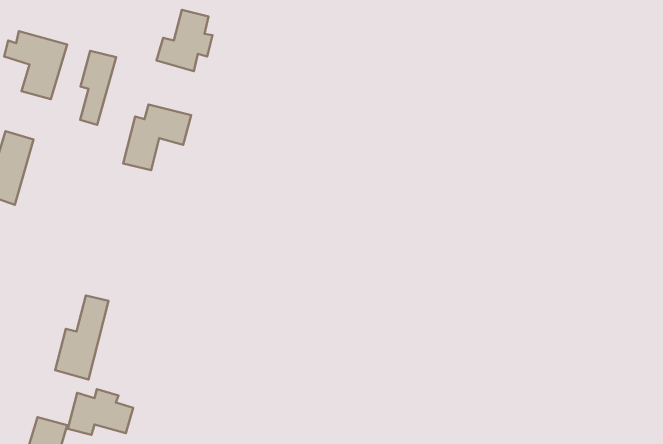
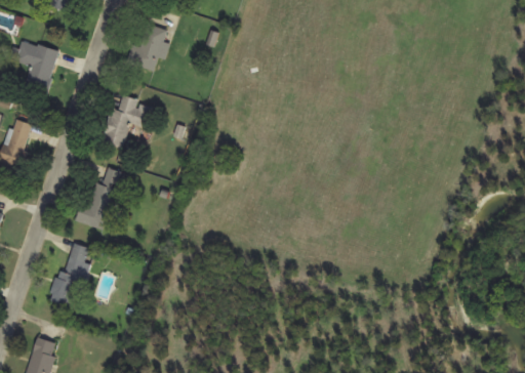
building: [80,51,116,125] -> none
building: none -> [75,167,120,229]
building: [68,389,133,435] -> none

